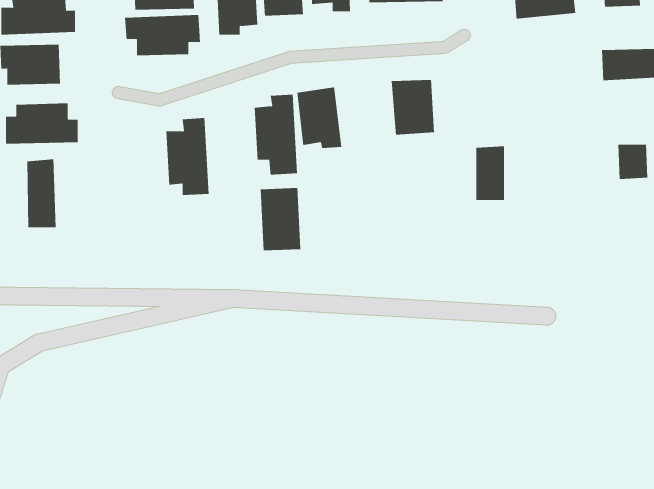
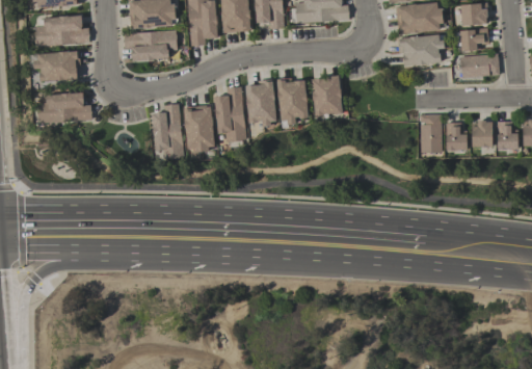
building: none -> [459,29,487,52]
building: none -> [400,35,444,65]
building: none -> [277,79,308,122]
building: none -> [445,123,466,151]
building: [475,146,505,200] -> [420,114,441,153]
building: [27,158,56,228] -> none
building: [260,188,301,251] -> [184,106,213,151]

